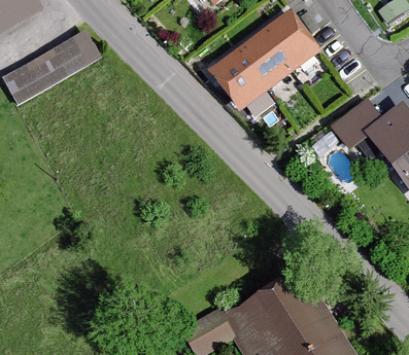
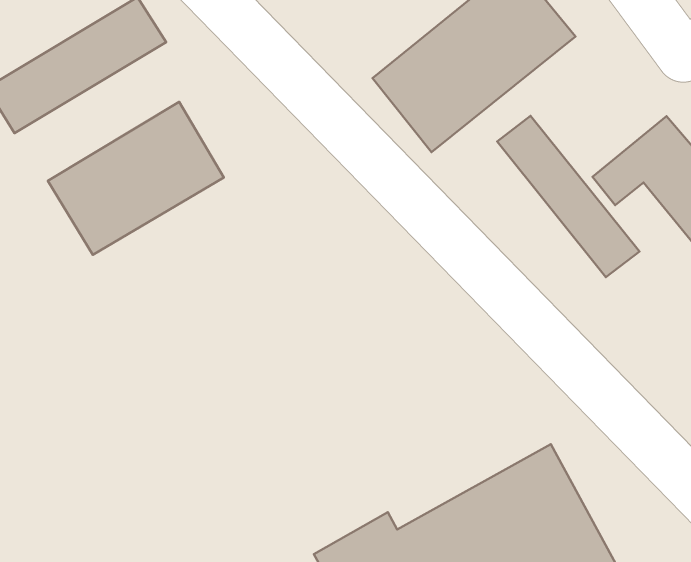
building: none -> [48,102,224,255]
building: none -> [497,116,639,277]

